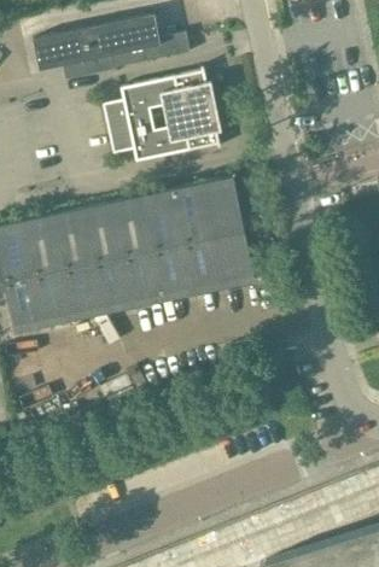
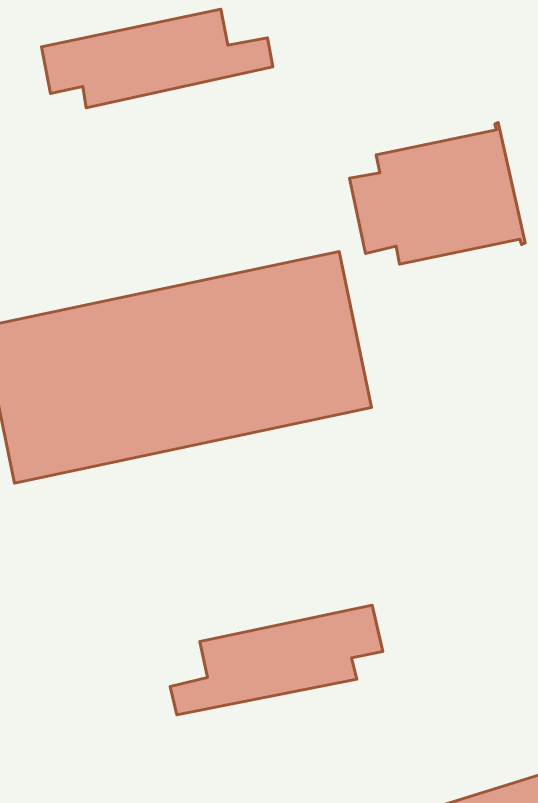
building: [103,66,221,162] -> [349,122,525,264]
building: none -> [170,605,383,715]

